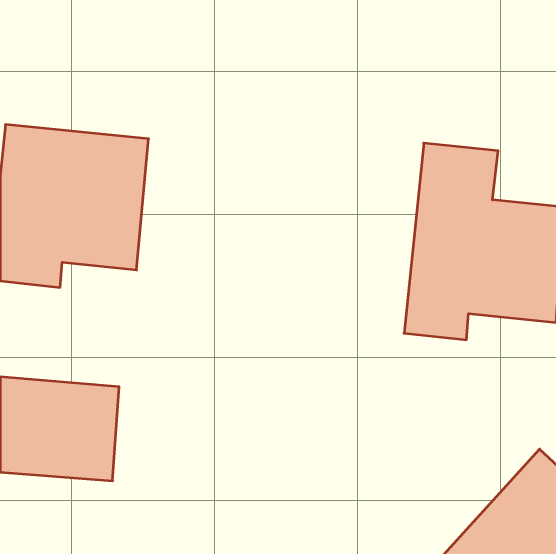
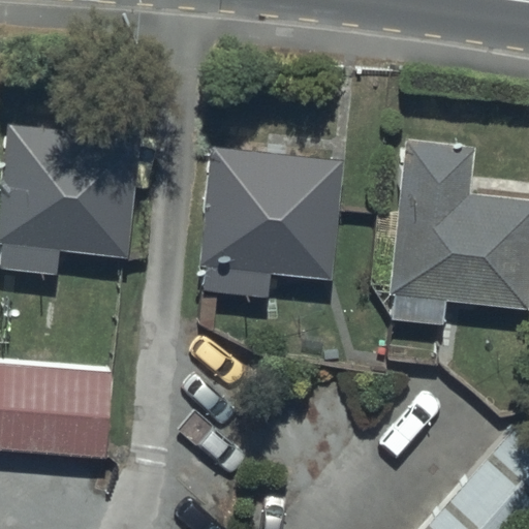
building: none -> [194,147,342,299]

